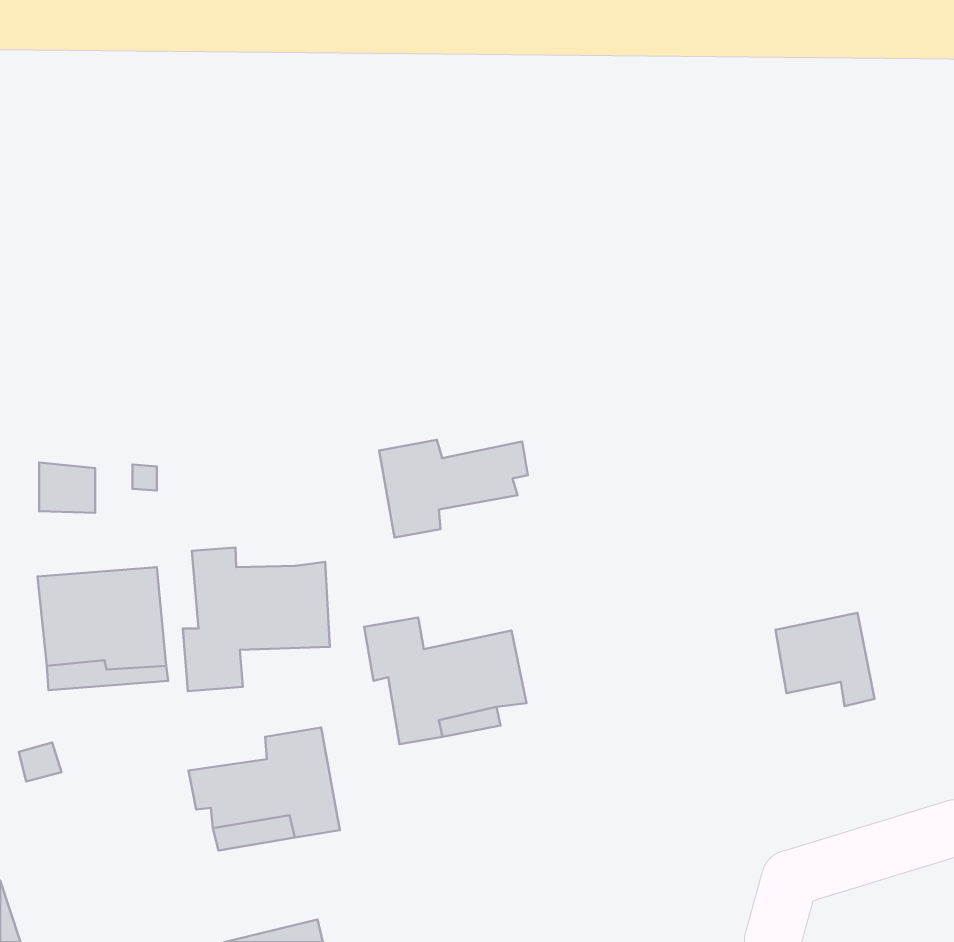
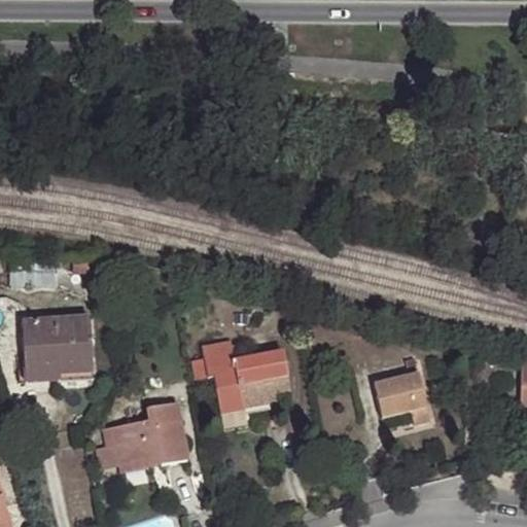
building: [379,440,528,538] -> none
building: [183,548,330,691] -> none
building: [775,613,874,706] -> [374,375,428,426]

